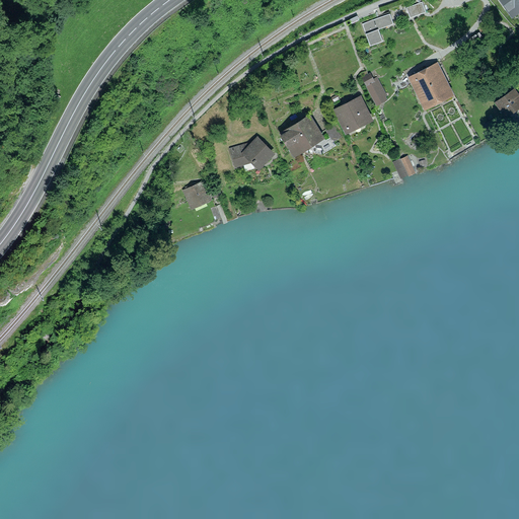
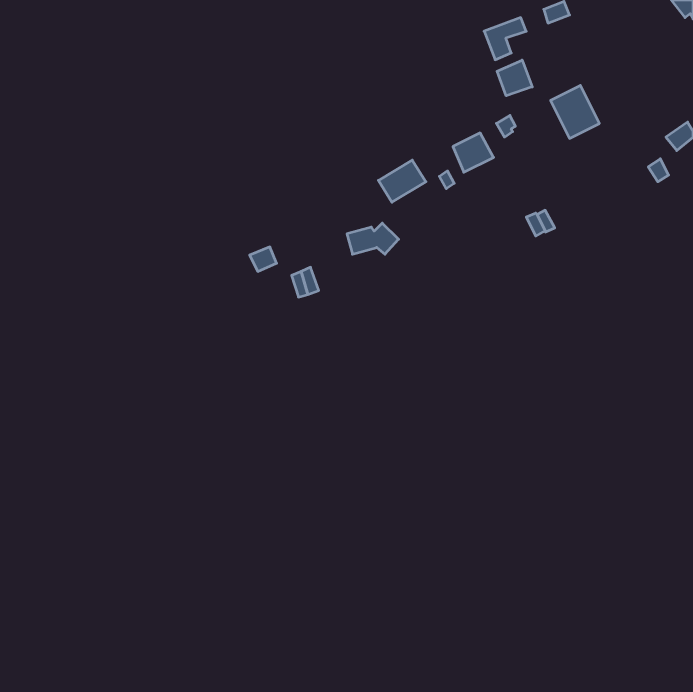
building: none -> [497,60,532,96]
building: [231,142,270,165] -> [347,223,399,254]

